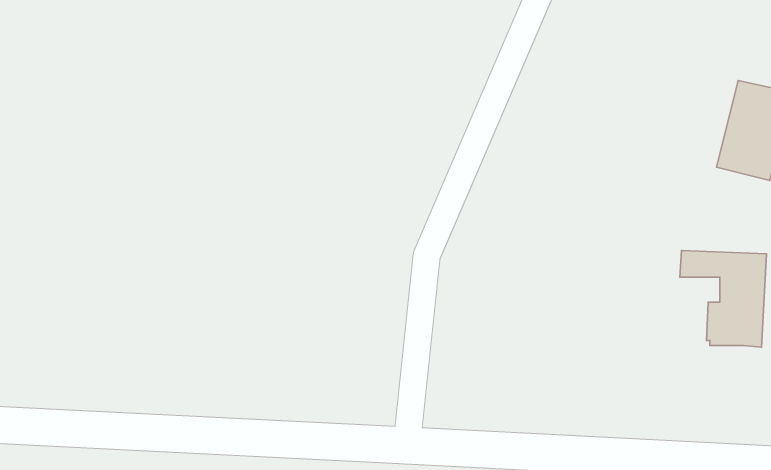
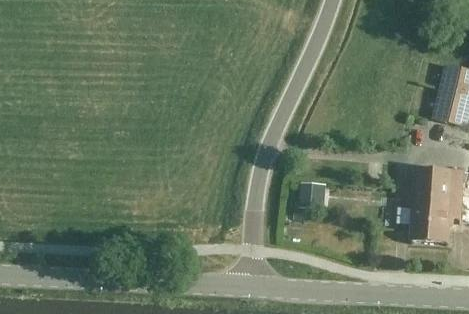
building: none -> [303,181,327,203]
building: none -> [410,184,449,243]

